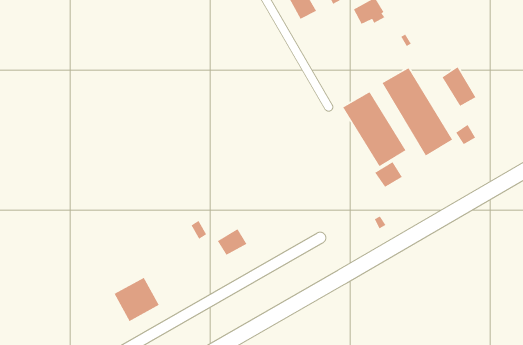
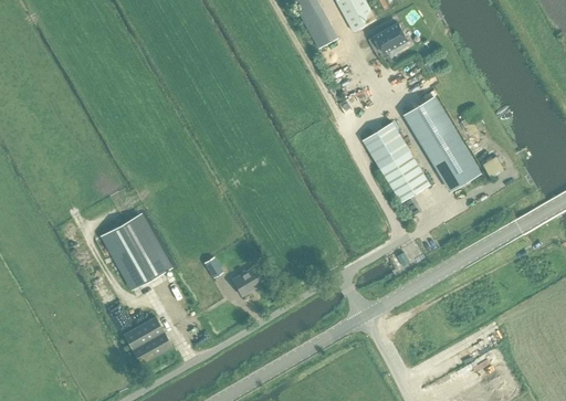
building: [442,66,477,107] -> none
building: [374,161,403,188] -> none
building: none -> [101,213,168,287]

